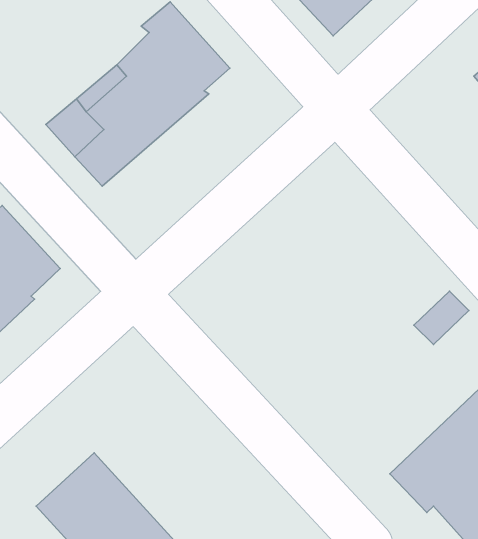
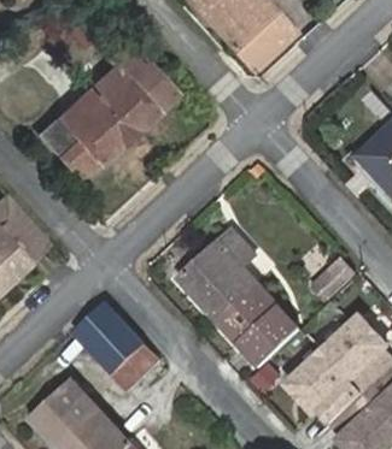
building: none -> [177,230,299,365]
building: none -> [74,305,157,390]

